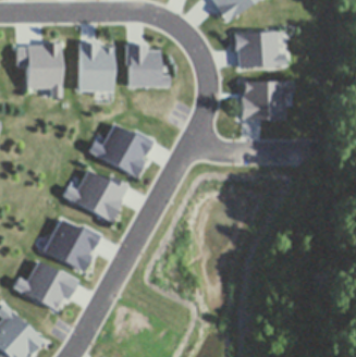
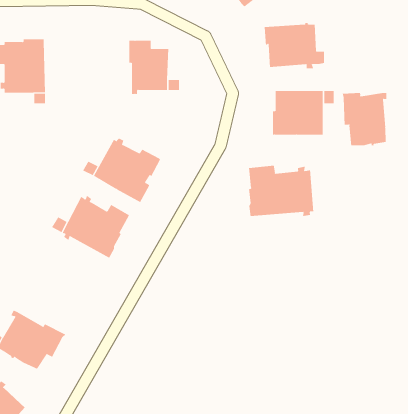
building: [81,44,112,94] -> none
building: none -> [342,92,387,146]
building: none -> [248,165,314,217]
building: [47,220,98,269] -> none

